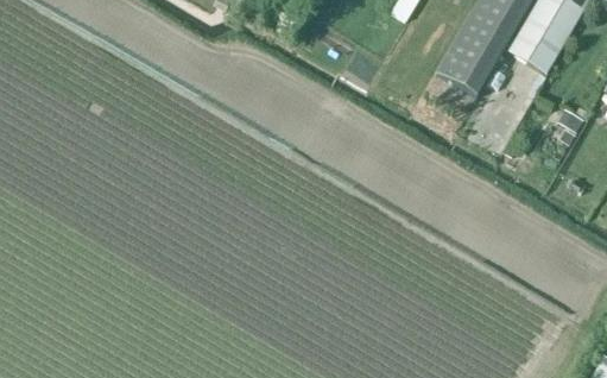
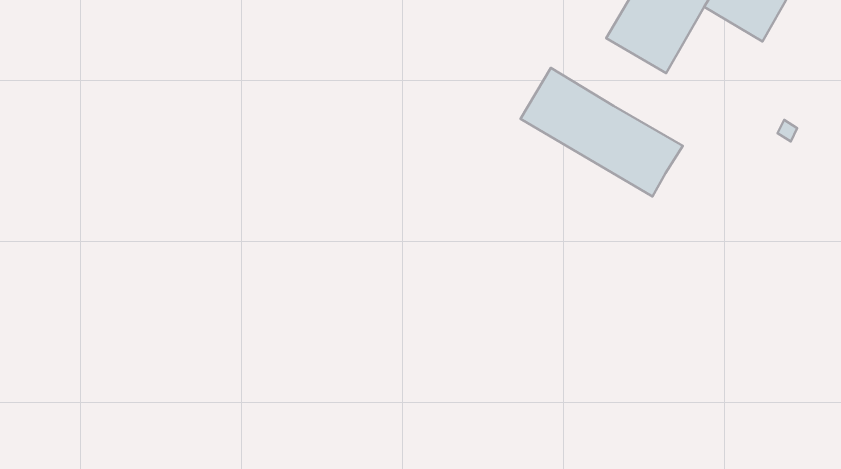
building: none -> [520,68,683,197]

